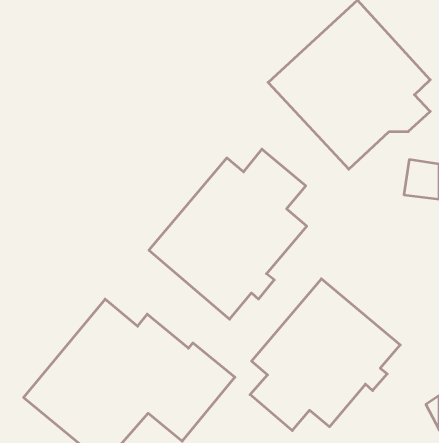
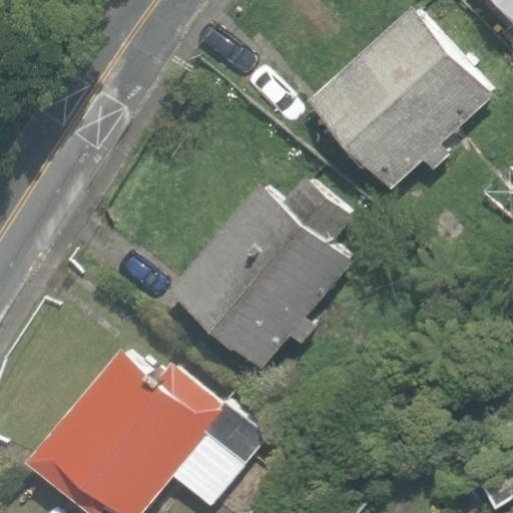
building: [250,279,400,431] -> none

